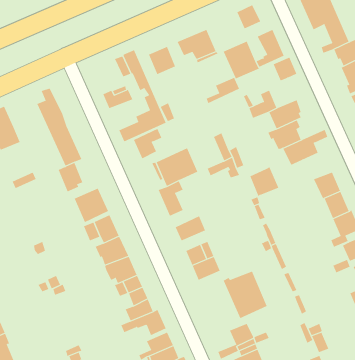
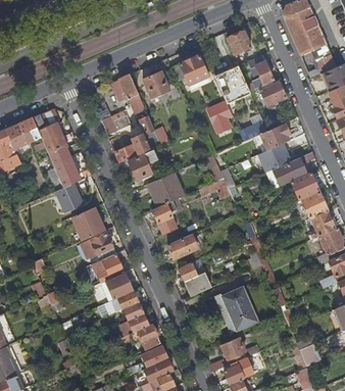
building: none -> [5,117,41,149]
building: [249,167,279,196] -> [291,172,319,200]

